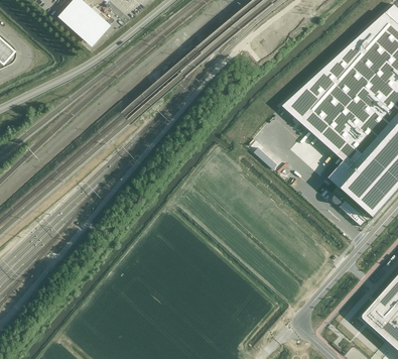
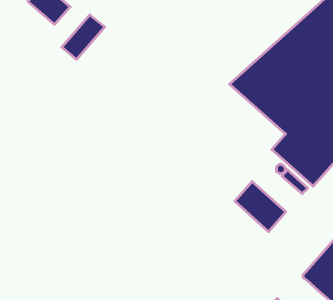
building: none -> [62,15,105,59]
building: none -> [235,181,286,232]

